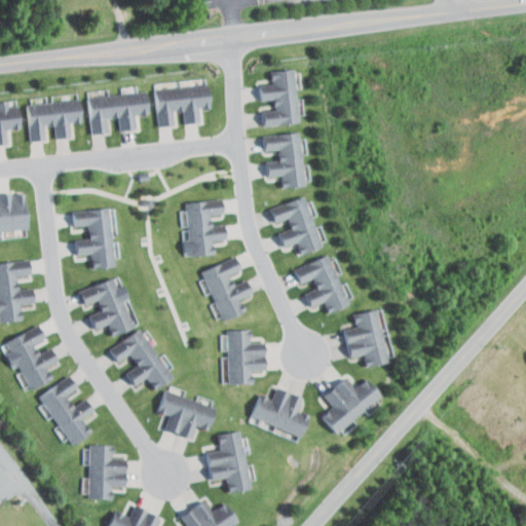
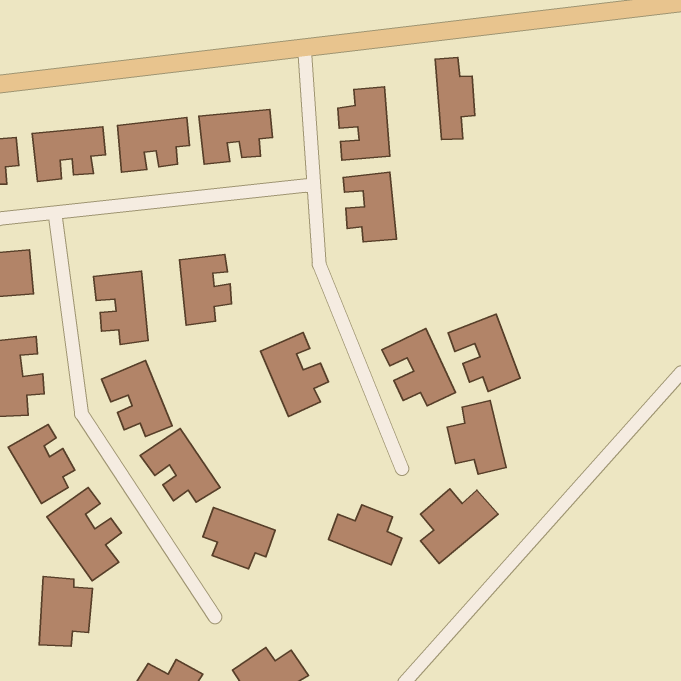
building: none -> [435,58,475,140]
building: [268,194,324,254] -> [448,314,520,392]
building: [186,200,226,255] -> [180,254,232,325]
building: [228,331,268,383] -> none
building: [208,431,250,493] -> none
building: [85,447,126,500] -> [39,577,93,646]

